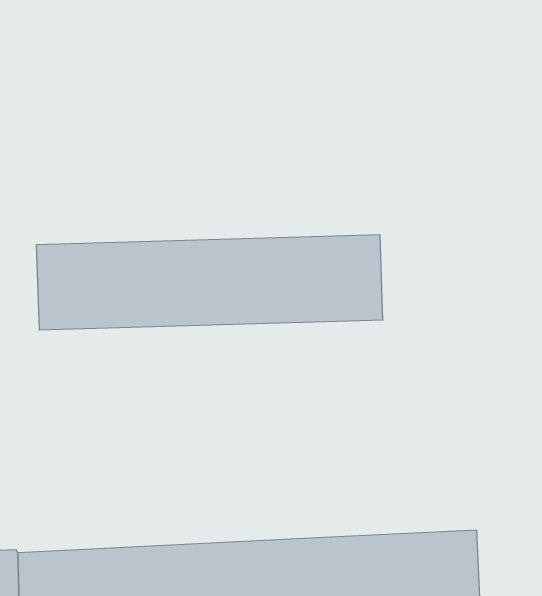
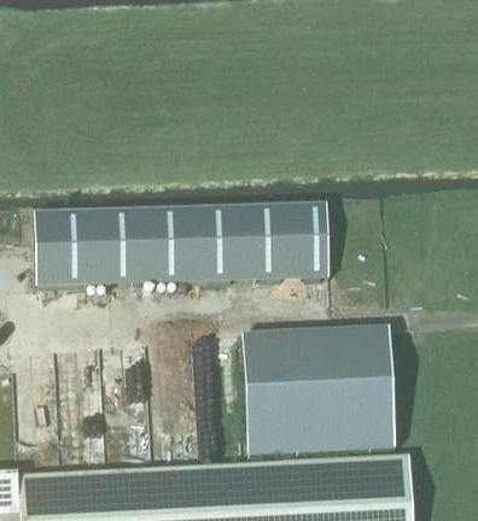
building: none -> [240,327,394,457]

